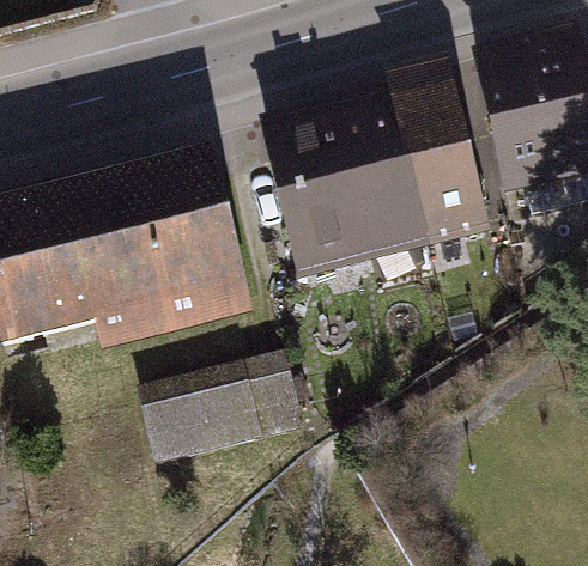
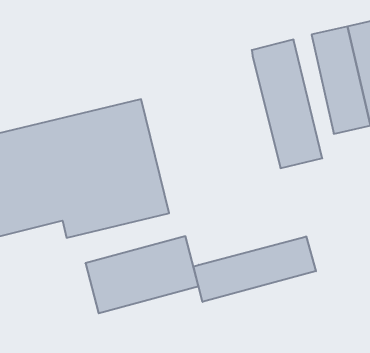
building: [260,83,424,276] -> none
building: none -> [194,236,316,302]

